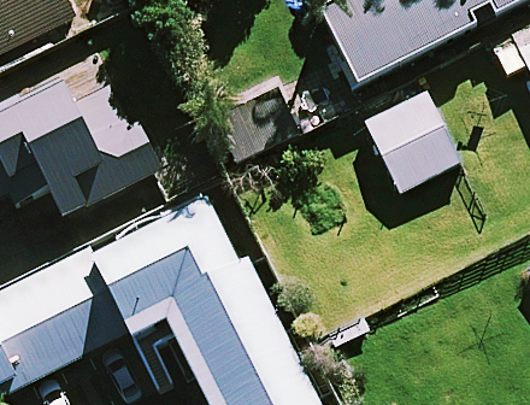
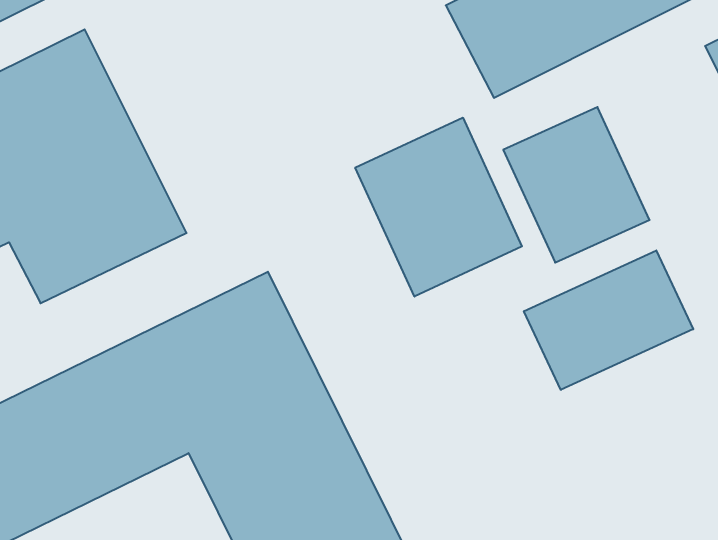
building: none -> [355,118,522,297]
building: none -> [524,250,693,390]

